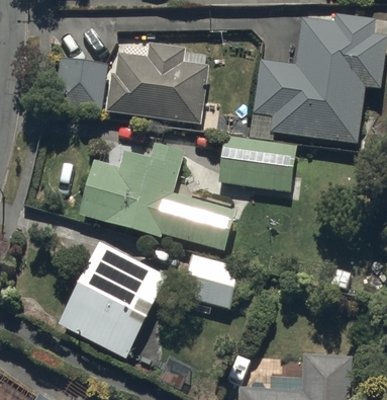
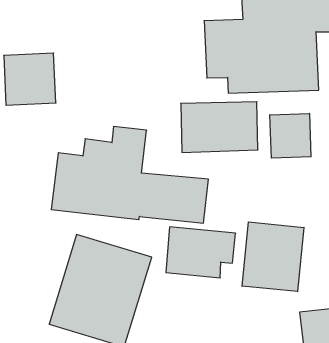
building: [104,42,207,123] -> none
building: none -> [270,113,311,158]
building: none -> [242,222,304,292]

